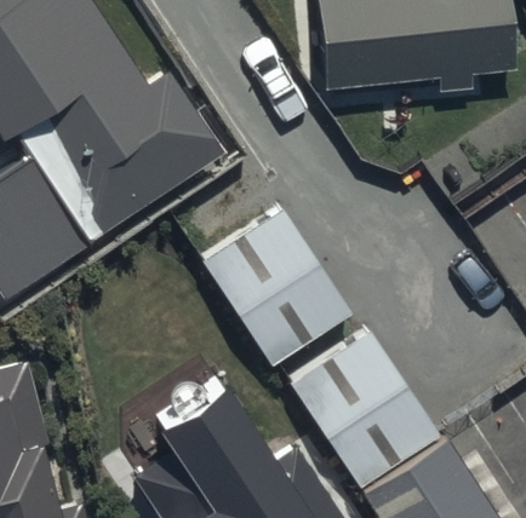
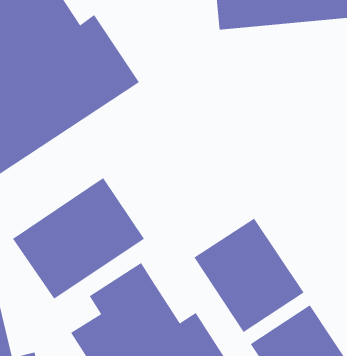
building: [205,205,354,364] -> none
building: none -> [12,177,145,299]

